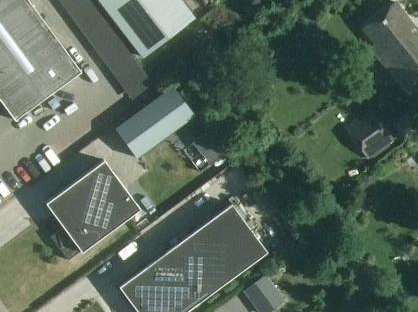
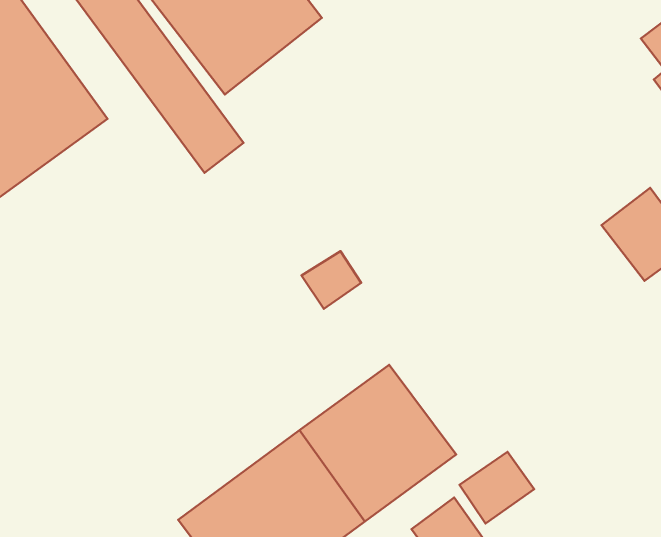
building: [116,86,195,158] -> none
building: [46,160,140,260] -> none
building: none -> [459,452,534,524]

